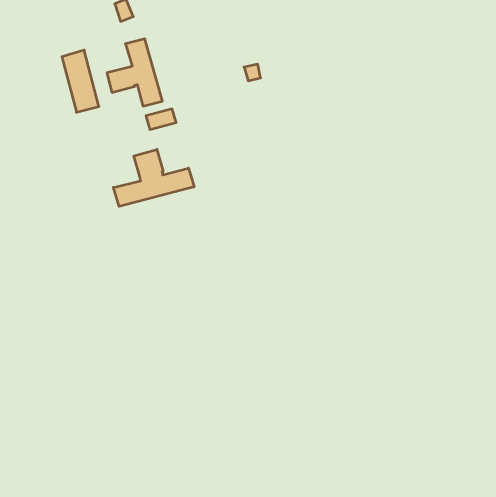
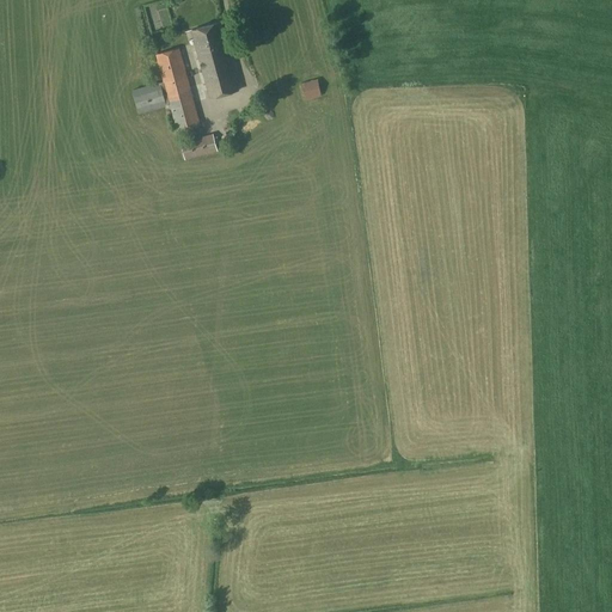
building: [62,50,99,112] -> [191,22,237,98]
building: [113,149,194,206] -> none

